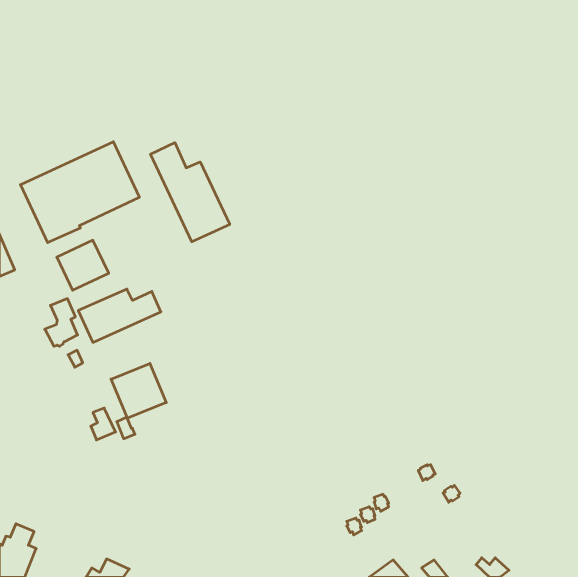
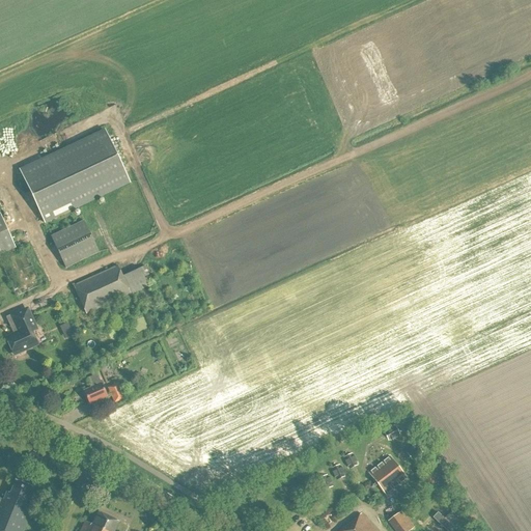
building: [151,143,230,242] -> none
building: [45,299,78,346] -> [5,309,35,353]
building: [111,363,166,418] -> none
building: none -> [367,455,406,494]

